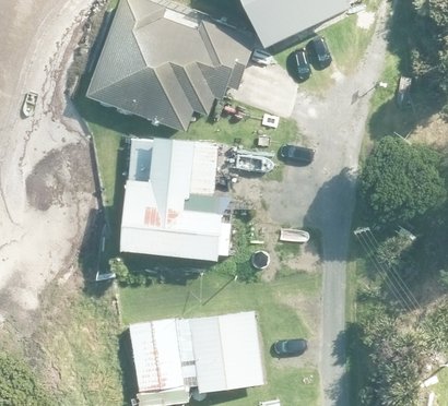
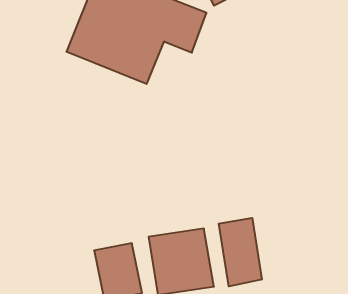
building: [121,136,228,248] -> none
building: none -> [219,218,262,286]

